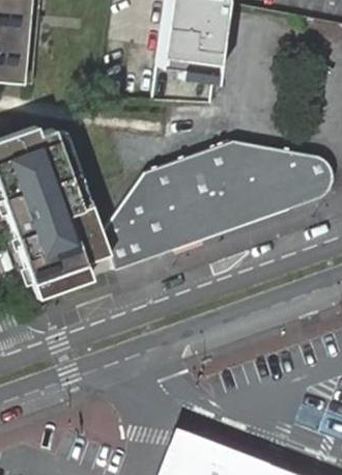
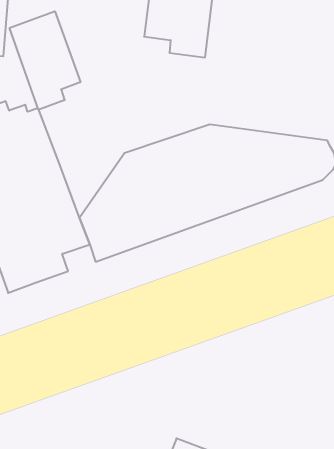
building: none -> [10,11,80,110]

